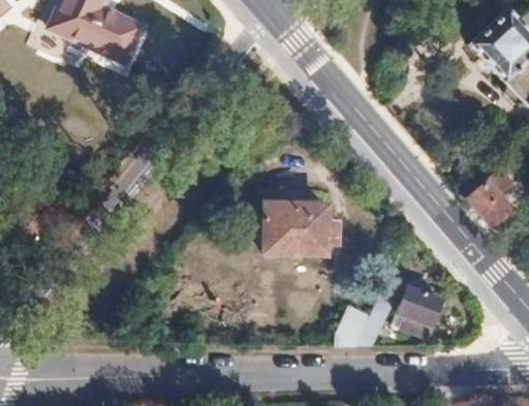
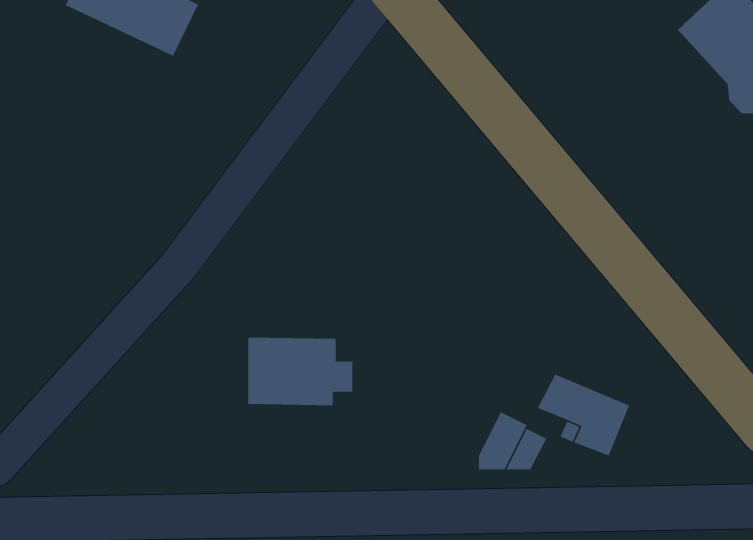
building: [470,182,515,226] -> none
building: [267,204,339,251] -> [247,337,353,406]

